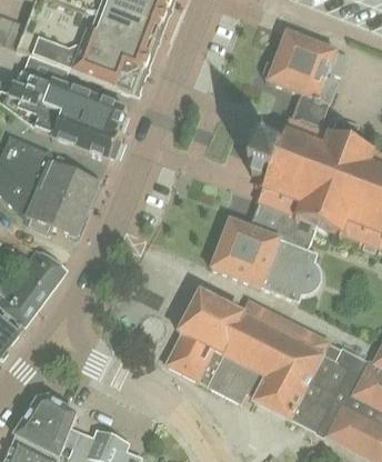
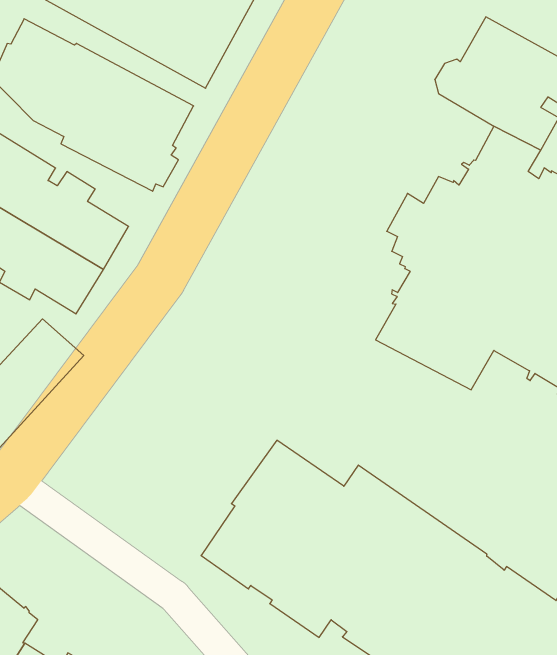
building: [211,219,322,302] -> none

